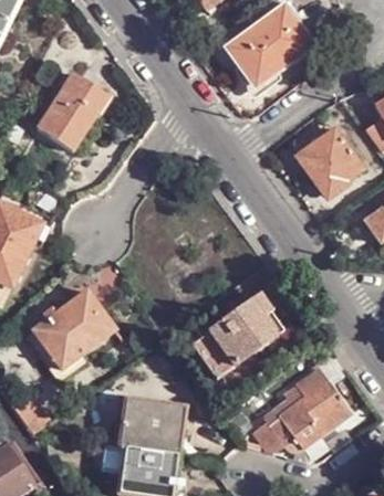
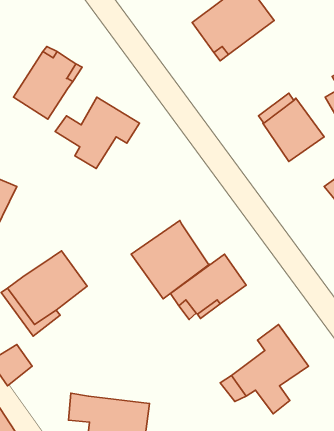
building: none -> [55,97,140,168]
building: none -> [131,220,209,299]
building: [114,395,186,452] -> none

